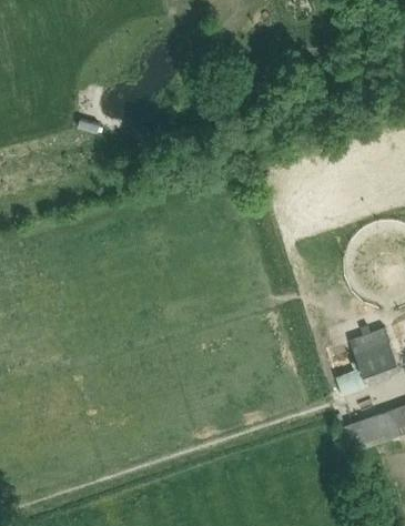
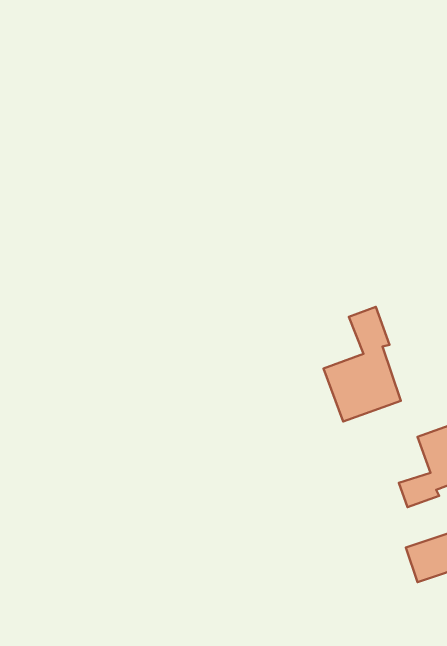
building: none -> [324,307,401,422]

